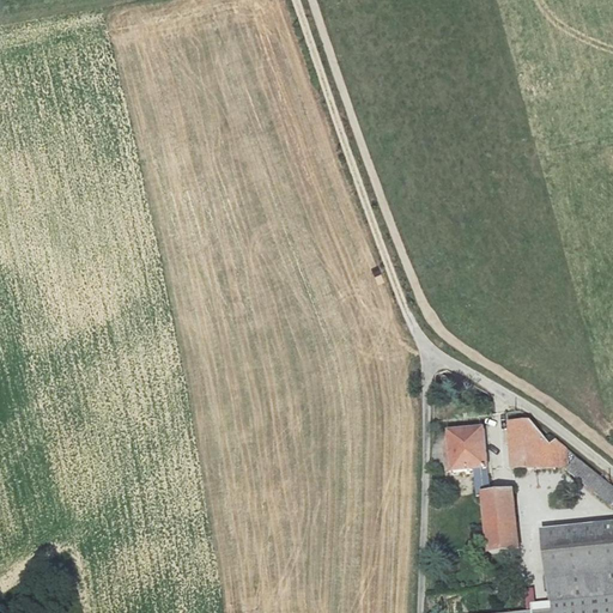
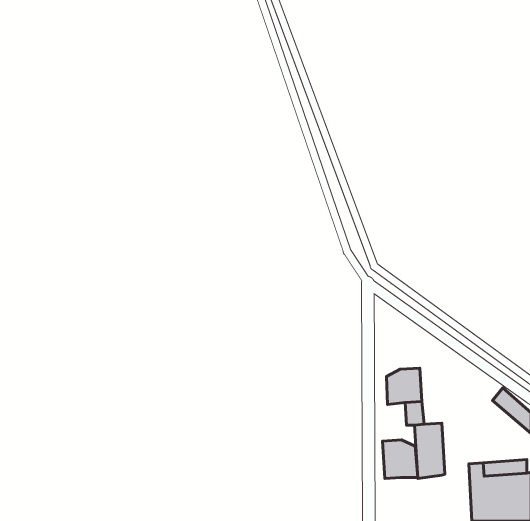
building: [506,420,557,471] -> none
building: none -> [383,440,418,479]

